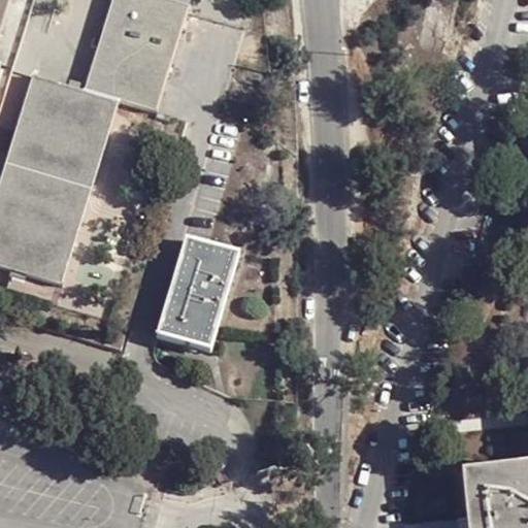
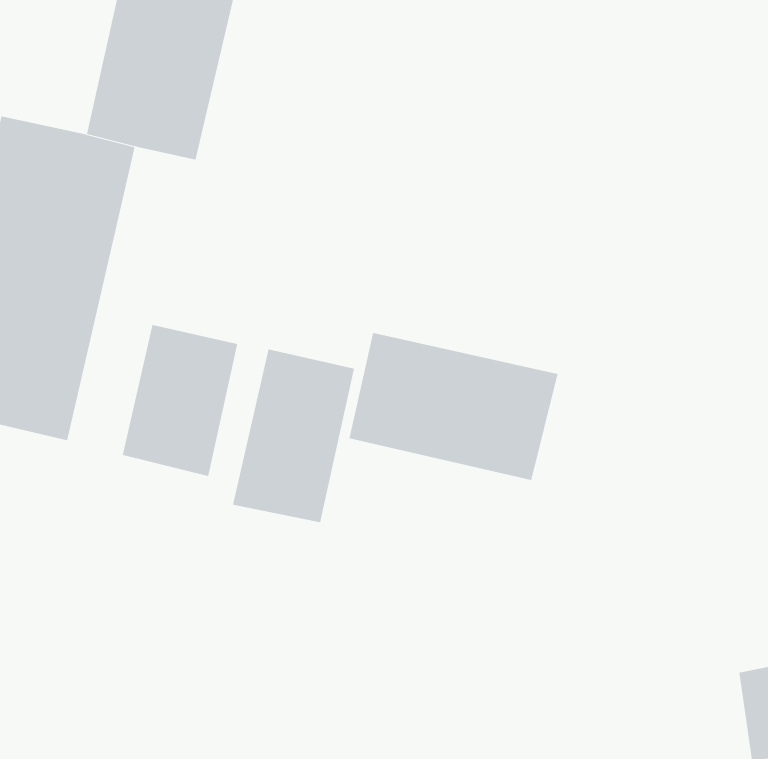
building: none -> [122,324,238,477]
building: none -> [349,332,558,481]

